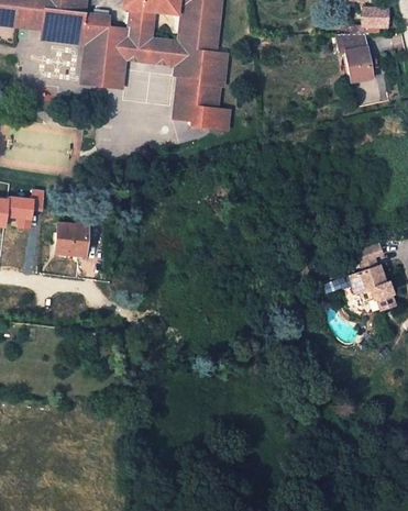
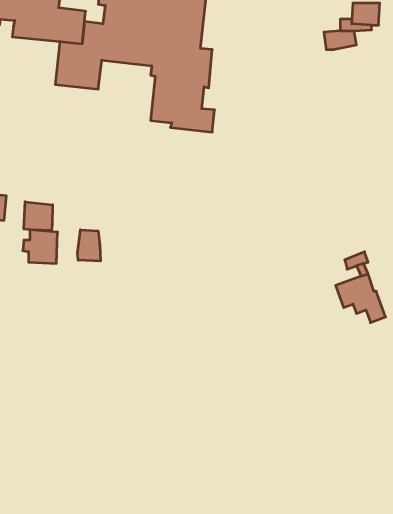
building: [344,47,373,81] -> none
building: none -> [24,202,53,231]
building: none -> [77,230,100,261]

